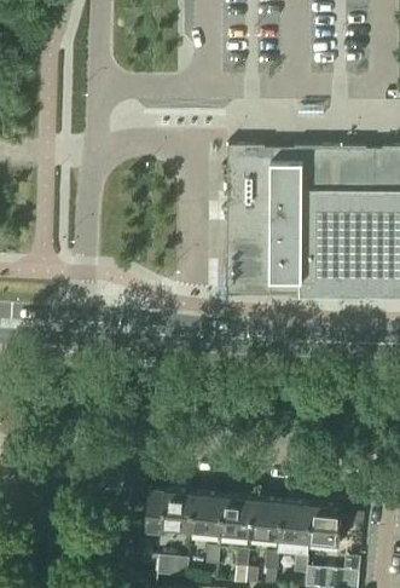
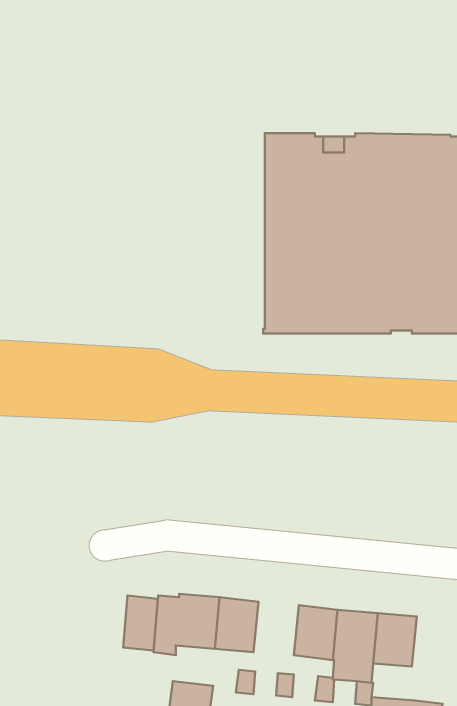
building: none -> [123,596,158,651]
building: [219,497,253,537] -> none

